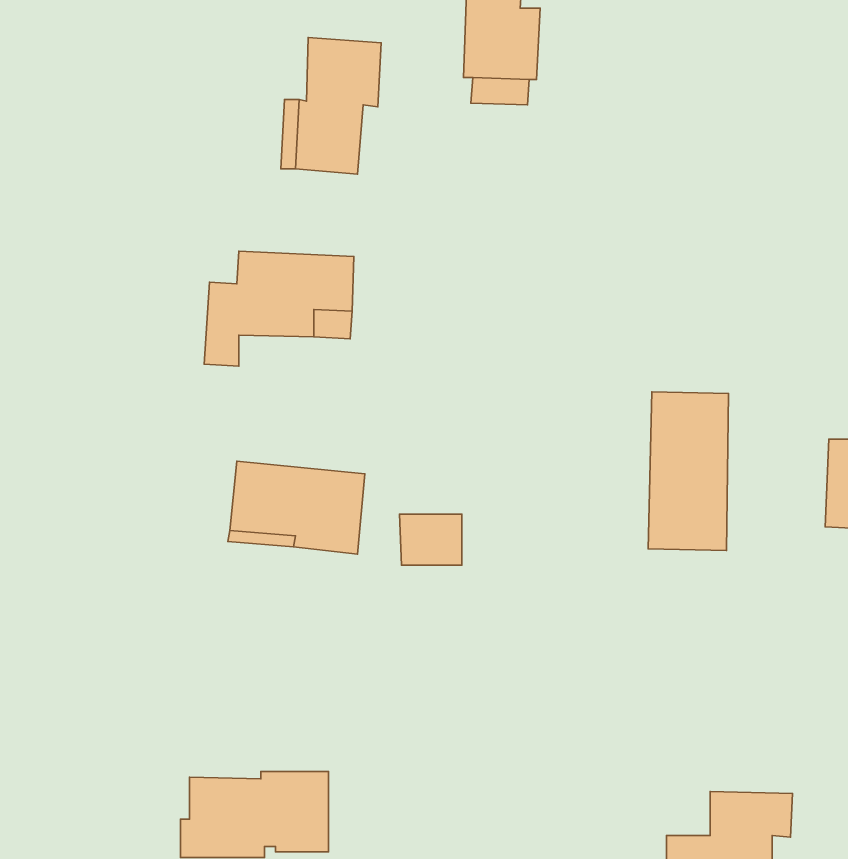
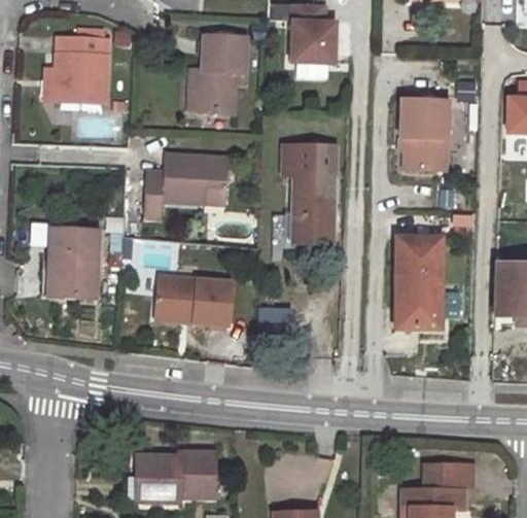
building: none -> [55,34,107,100]
building: none -> [397,97,447,169]
building: none -> [280,142,335,240]
building: none -> [45,226,104,298]

